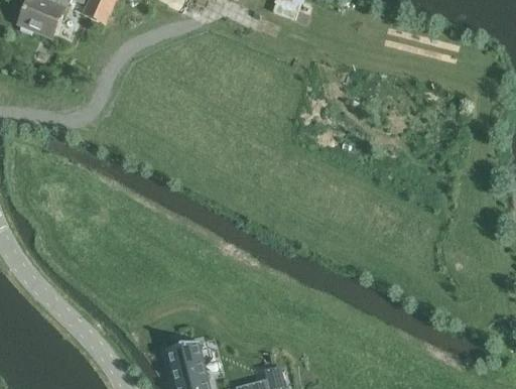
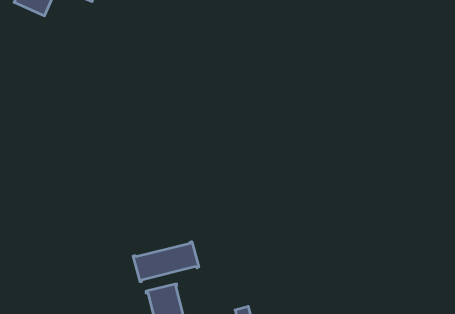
building: none -> [133,242,199,282]

